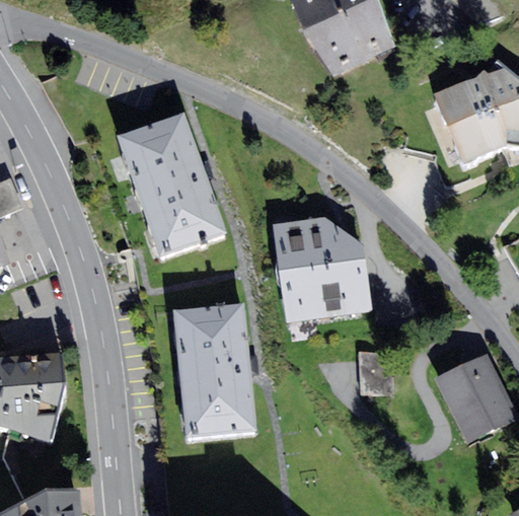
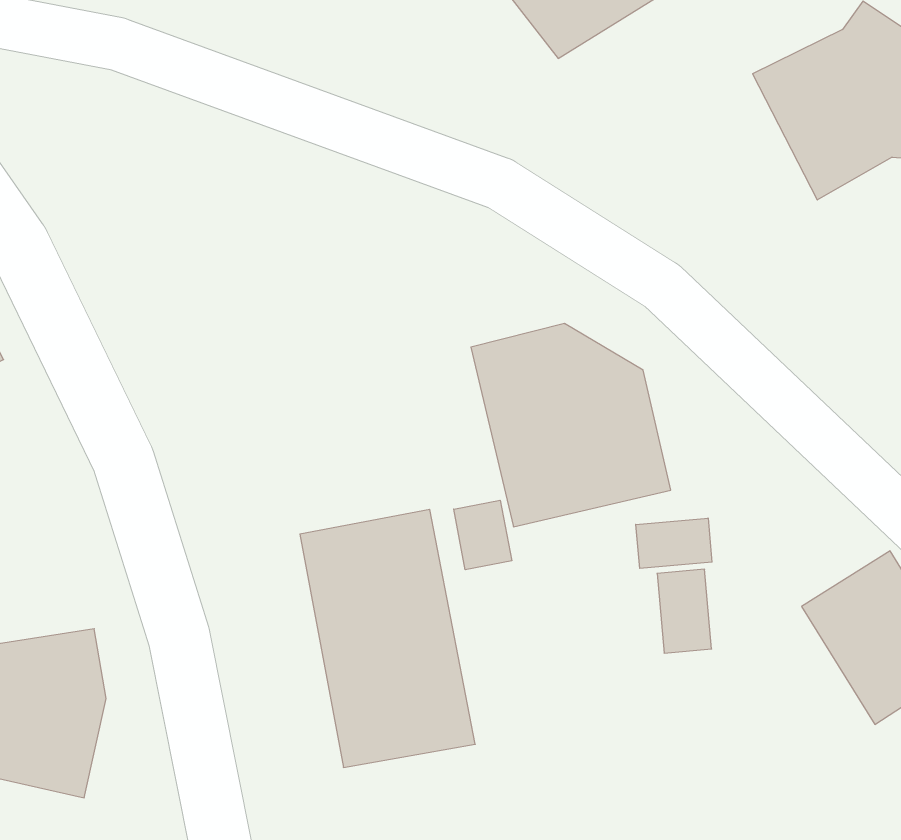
building: [119,118,228,261] -> none
building: none -> [454,500,512,570]
building: none -> [636,518,712,568]

